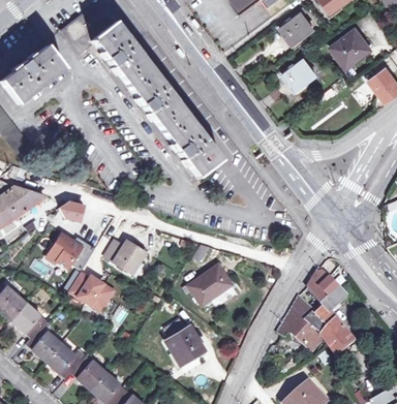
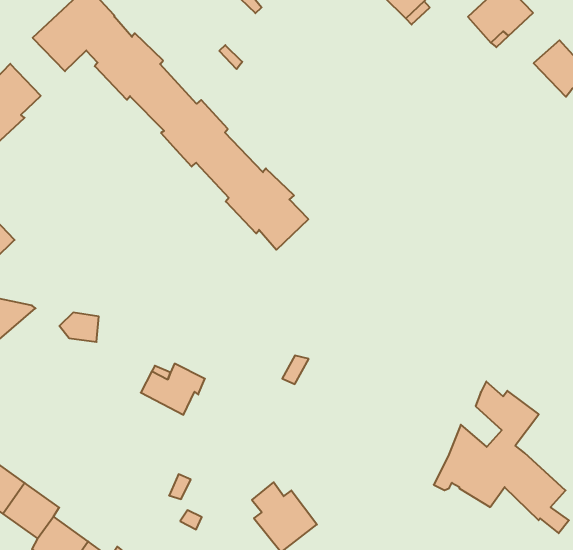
building: [283,60,315,90] -> none
building: [44,232,85,274] -> none
building: [188,266,232,305] -> none
building: [66,271,116,316] -> none

